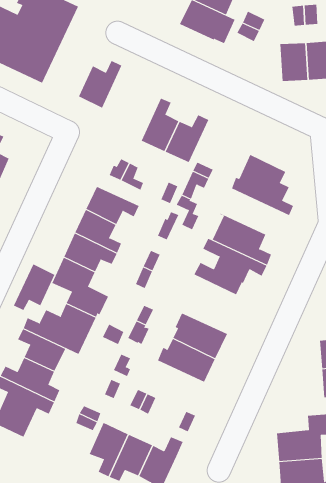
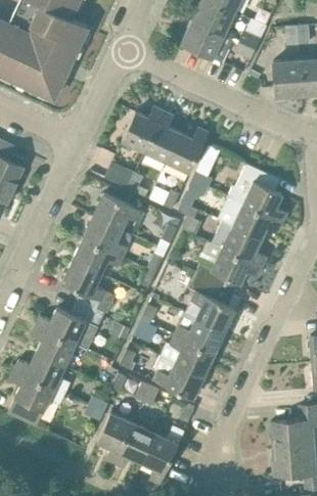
building: [78,60,122,109] -> [122,107,163,152]
building: none -> [217,196,282,239]
building: [13,263,55,311] -> none
building: none -> [185,276,235,331]
building: none -> [152,356,203,400]

